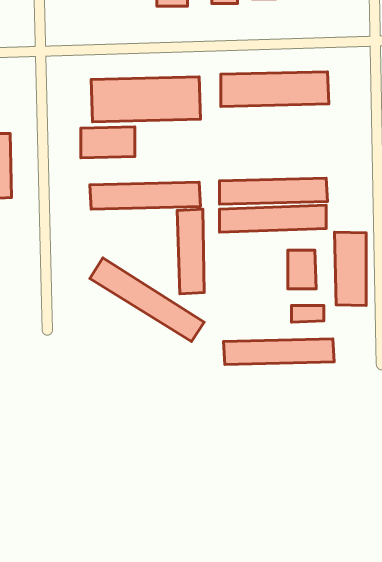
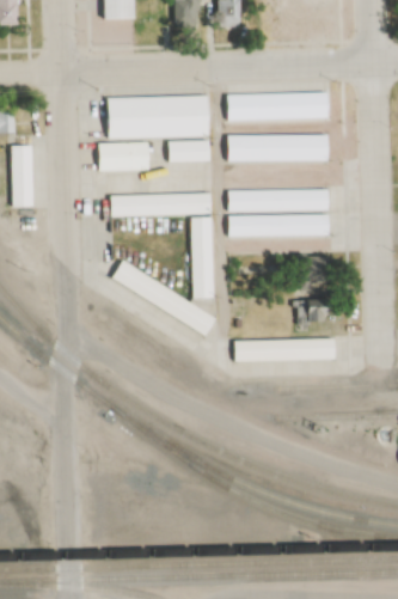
building: none -> [228,133,329,164]
building: none -> [170,140,212,163]
building: [334,232,366,305] -> none

